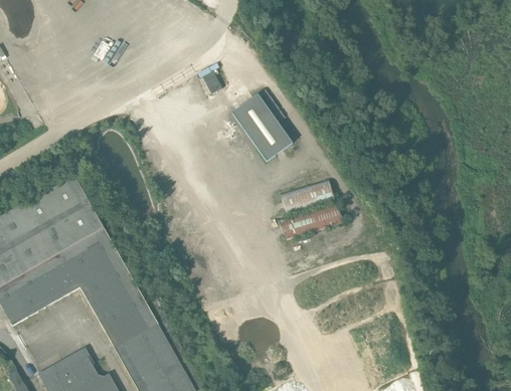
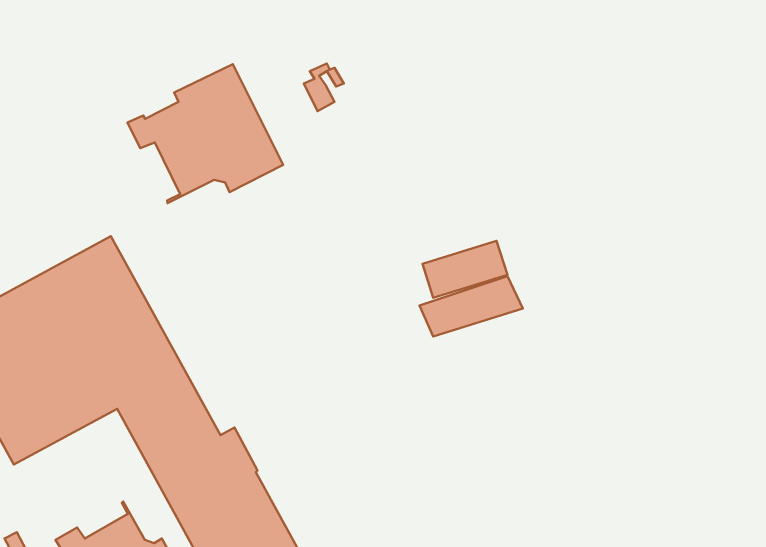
building: none -> [128,64,283,203]
building: [230,94,292,162] -> none

